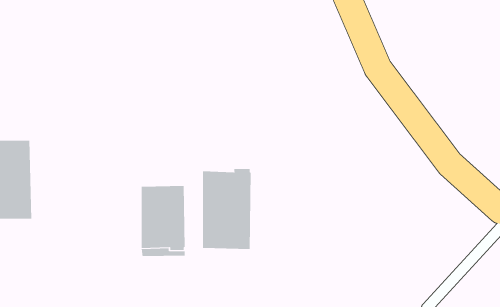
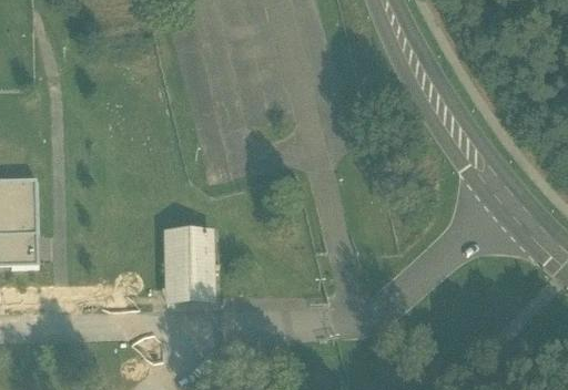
building: [202,168,251,250] -> none

